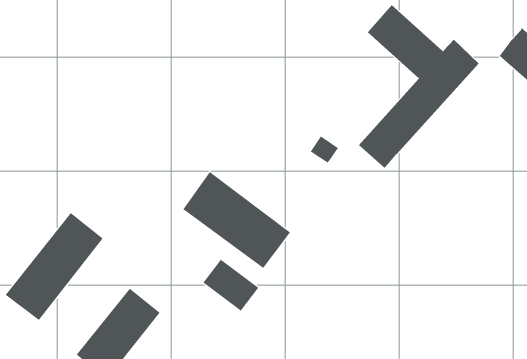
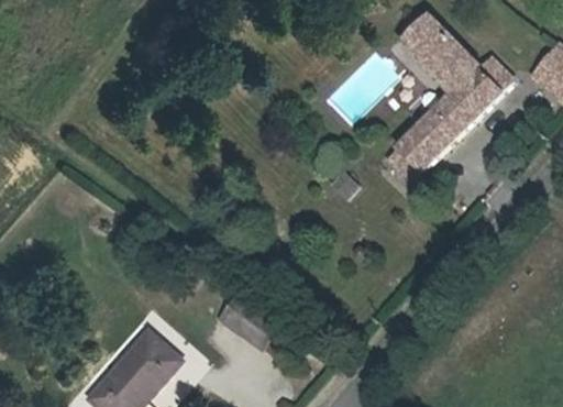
building: [183,171,291,269] -> none
building: [5,212,104,321] -> none

